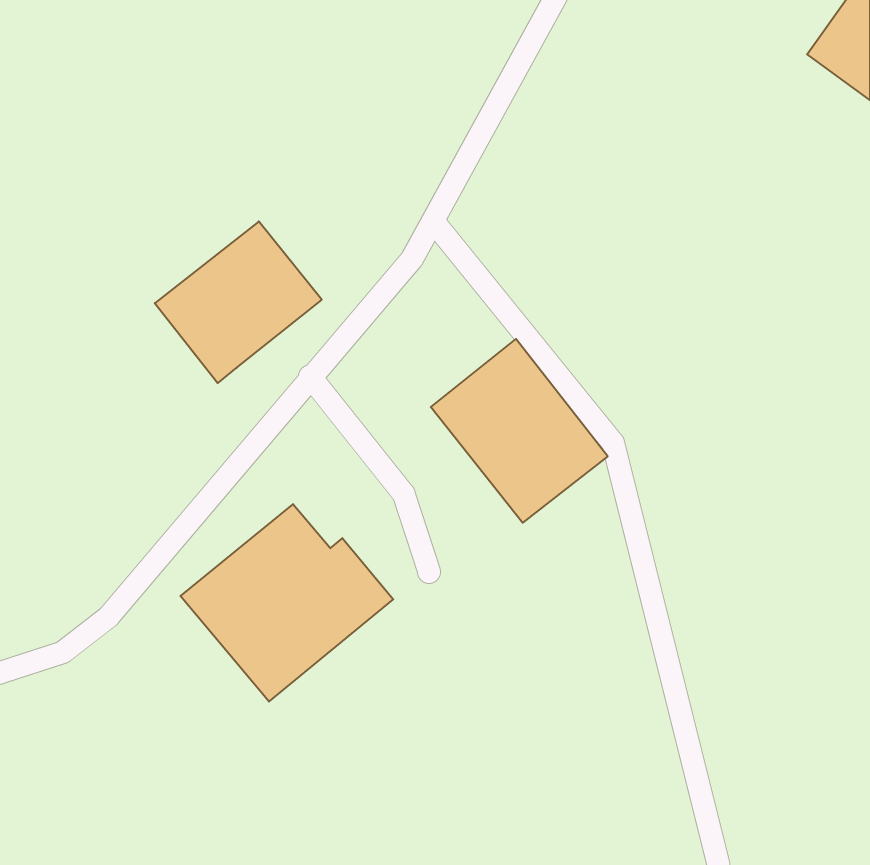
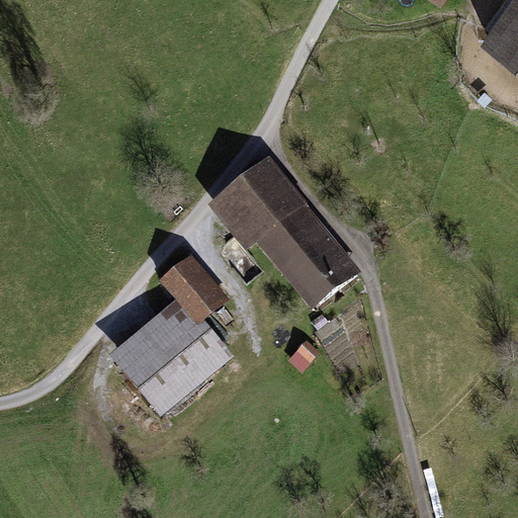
building: [155,221,322,383] -> [207,155,307,251]
building: none -> [158,253,230,326]

